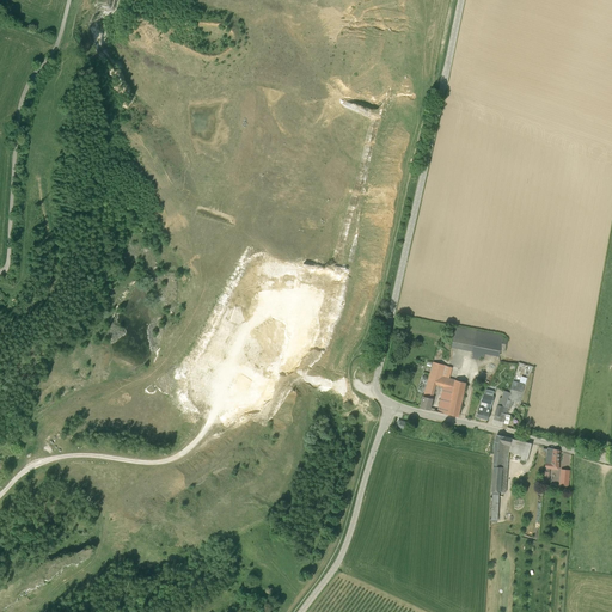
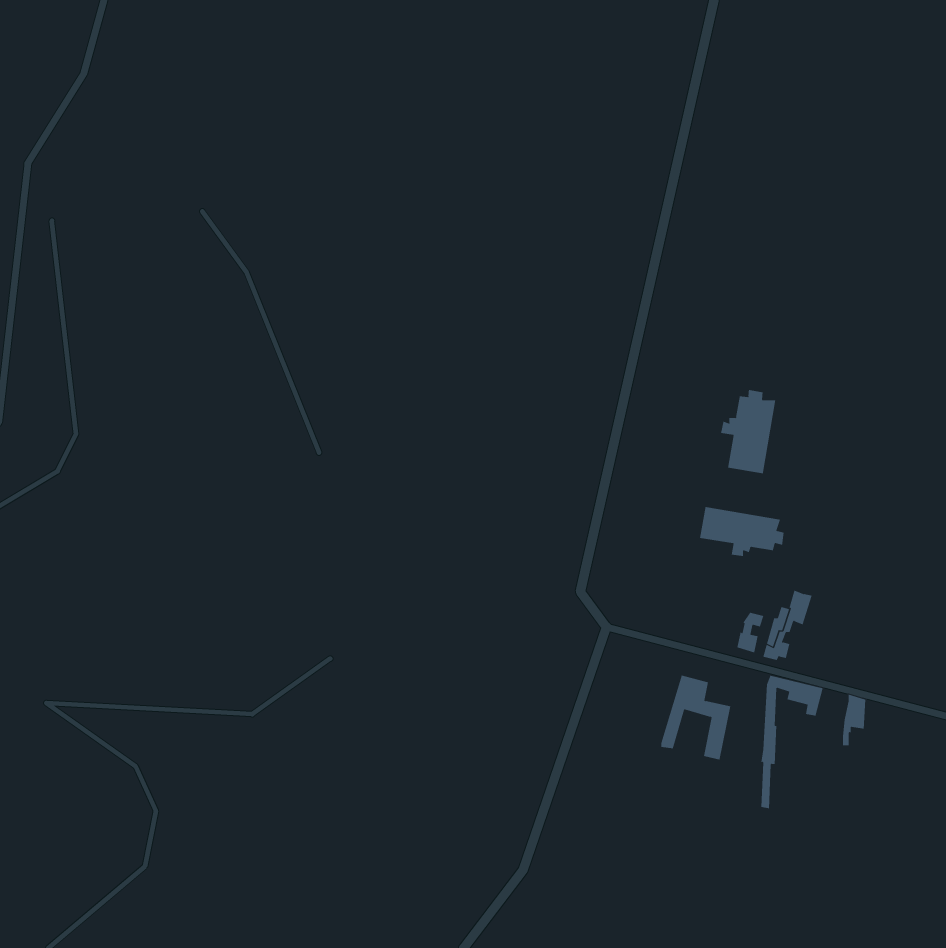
building: none -> [720,389,776,474]
building: [420,362,465,417] -> [661,675,731,760]

